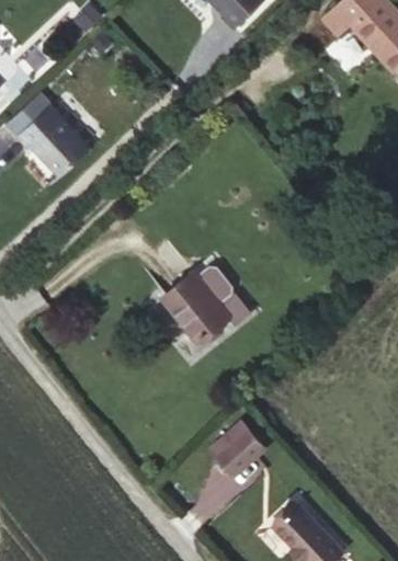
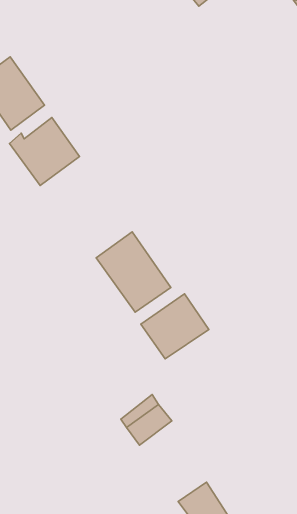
building: none -> [10,118,79,186]
building: none -> [141,294,209,359]

